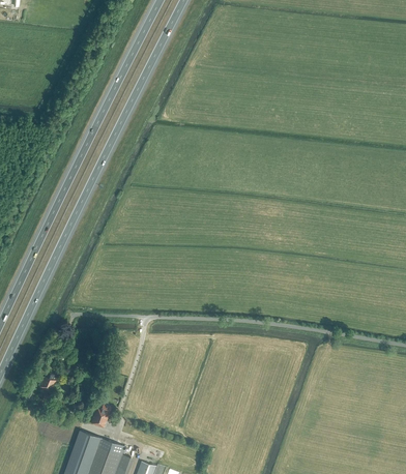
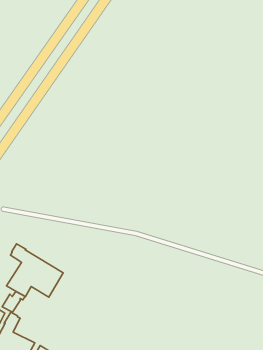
building: none -> [7,244,63,297]

